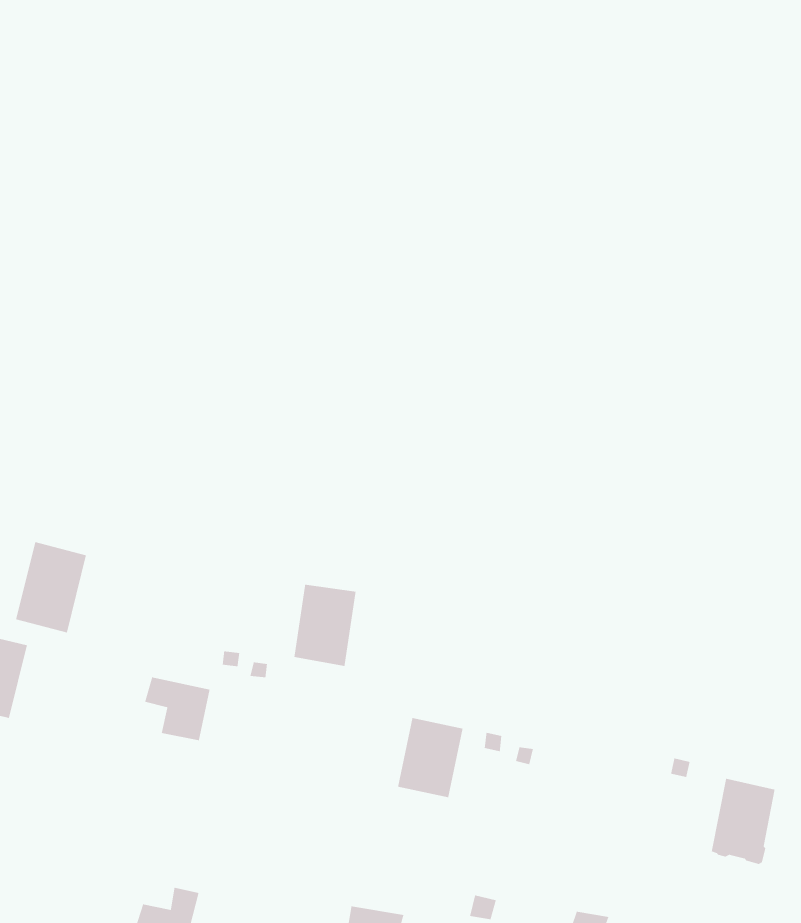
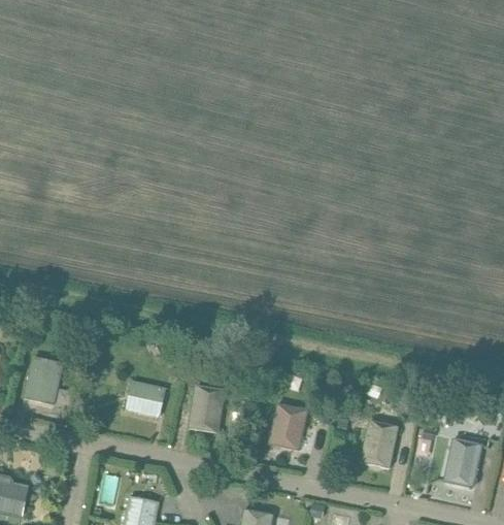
building: [15,541,87,633] -> none
building: [294,584,356,667] -> [189,386,224,432]
building: none -> [360,420,397,468]

